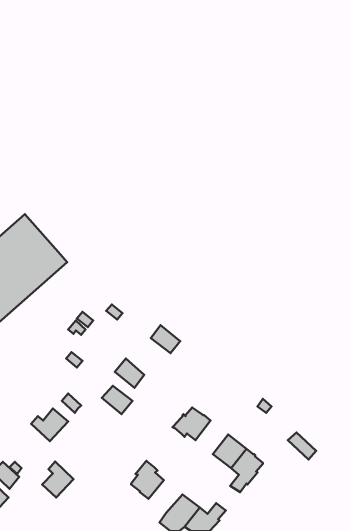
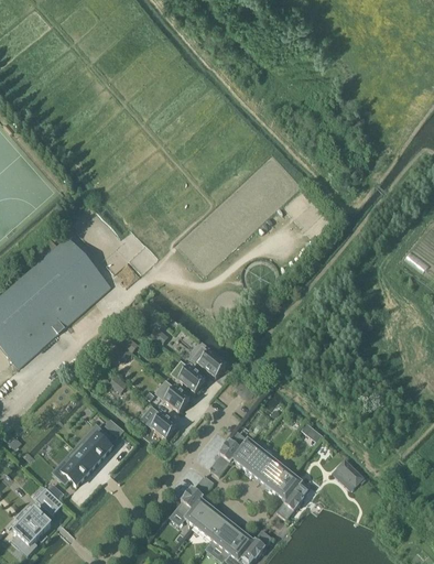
building: none -> [174,365,205,393]
building: none -> [240,446,273,480]
building: [42,462,74,497] -> [61,449,93,486]
building: none -> [193,507,227,540]

